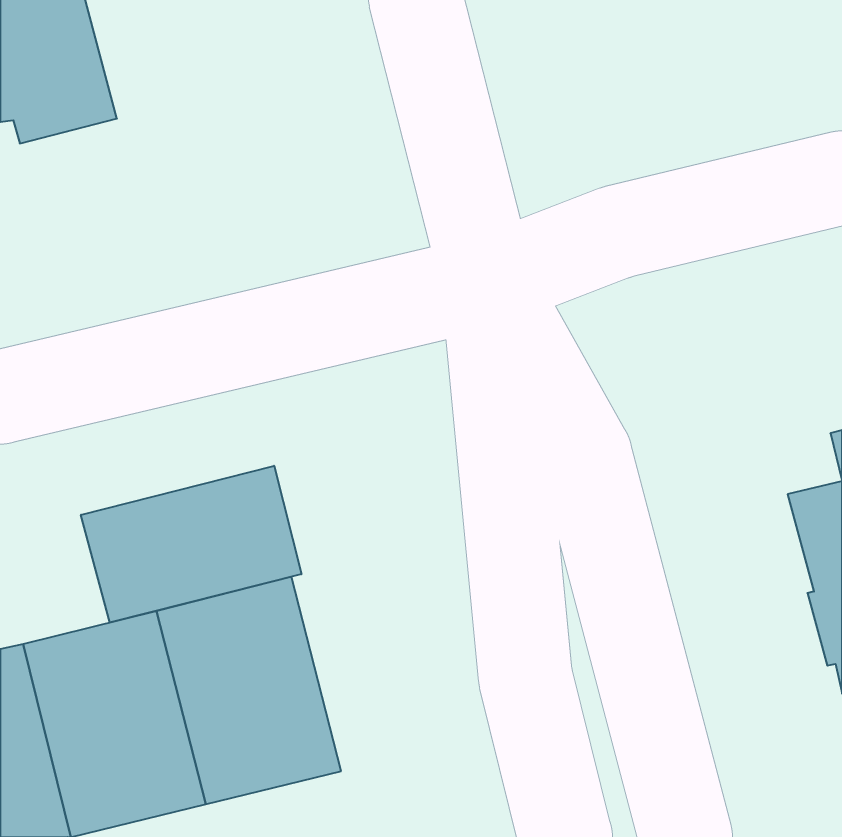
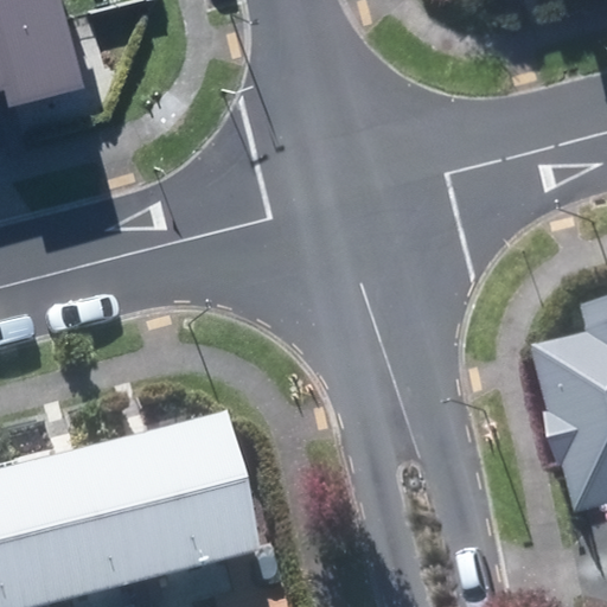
building: [81,466,301,623] -> none

